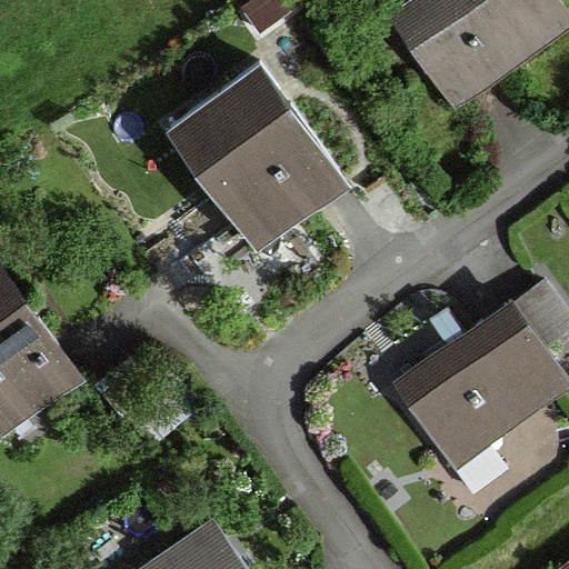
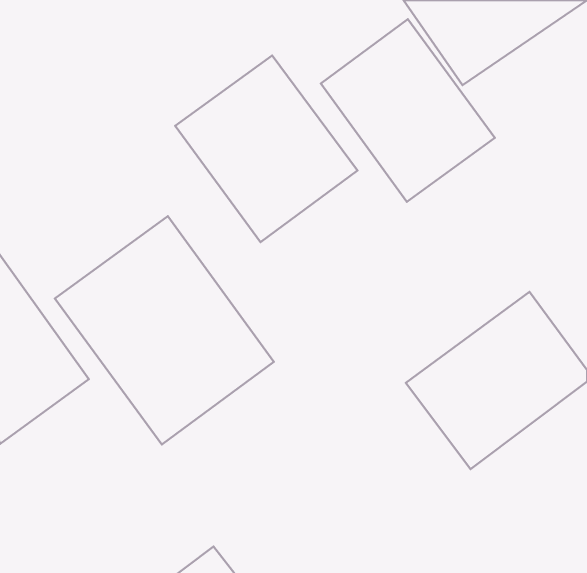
building: none -> [321,19,495,202]
building: none -> [55,216,274,445]

